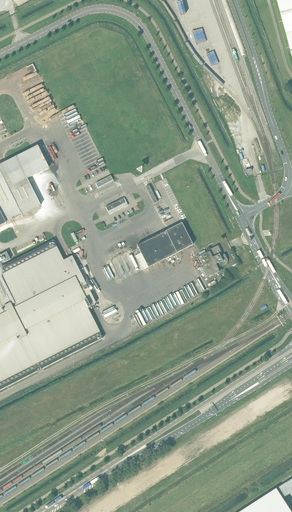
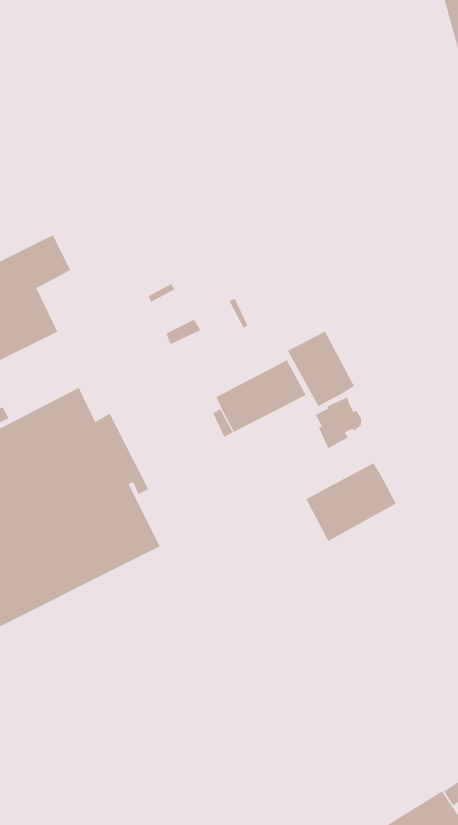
building: none -> [287,331,355,407]
building: none -> [306,462,397,542]

